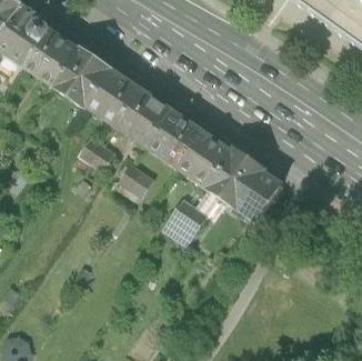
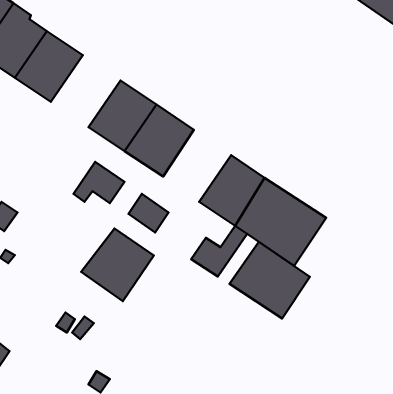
building: [54,48,112,108] -> none
building: [148,110,204,170] -> none
building: none -> [81,229,154,301]
building: none -> [230,242,310,318]

